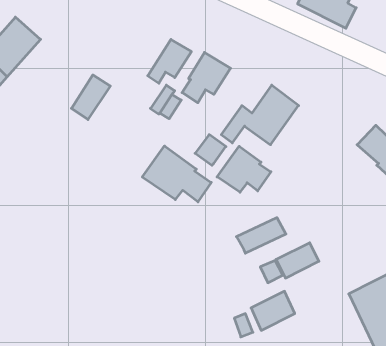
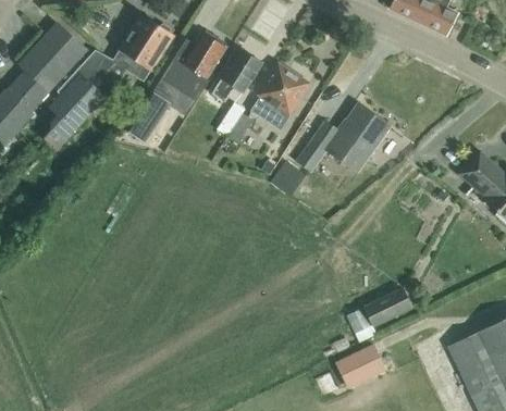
building: none -> [45,15,173,149]
building: none -> [163,32,226,99]
building: [142,146,211,202] -> none
building: [217,146,271,192] -> none
building: [236,218,286,253] -> none

